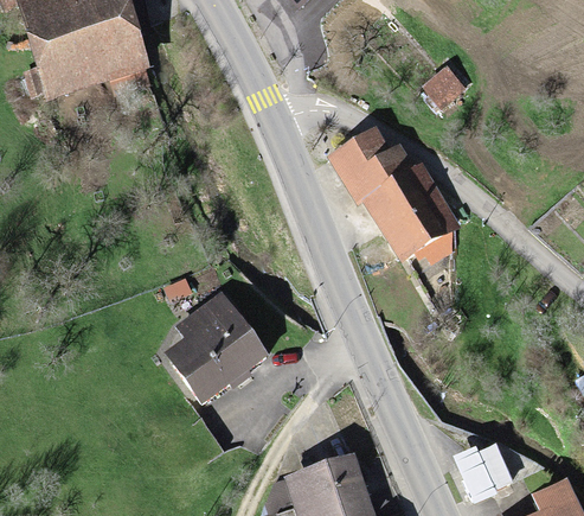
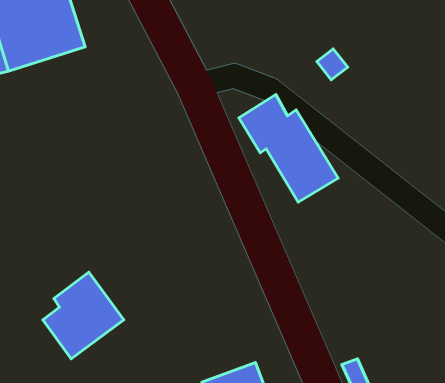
building: [165,293,263,399] -> [43,272,124,359]

